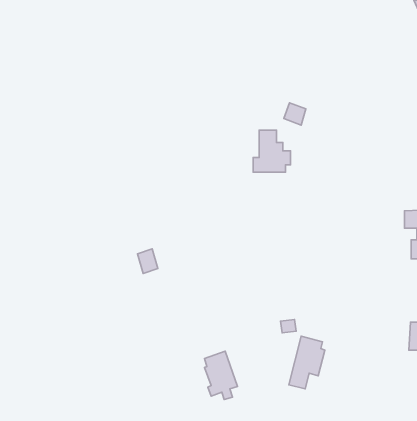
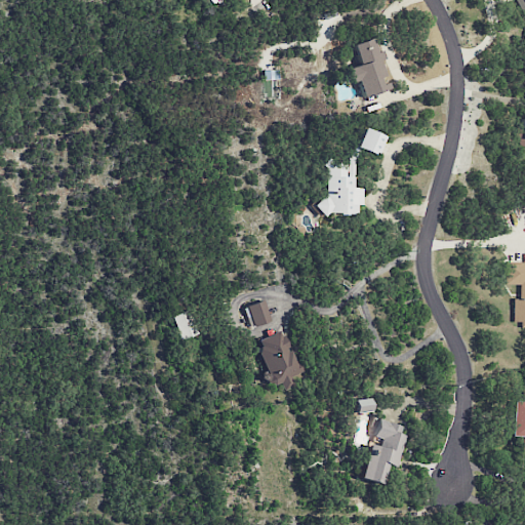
building: none -> [350,38,393,97]
building: none -> [249,299,274,327]
building: [204,351,237,400] -> [261,330,302,391]

